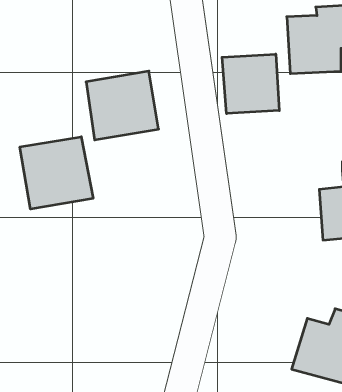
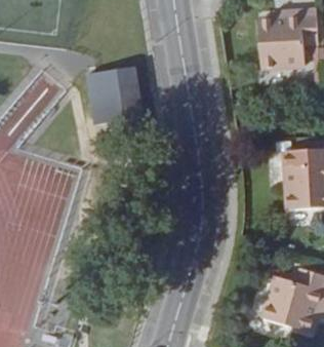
building: [222,54,279,114] -> none
building: [20,137,93,209] -> none

